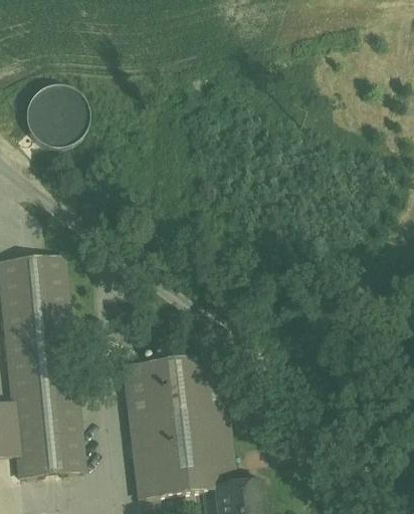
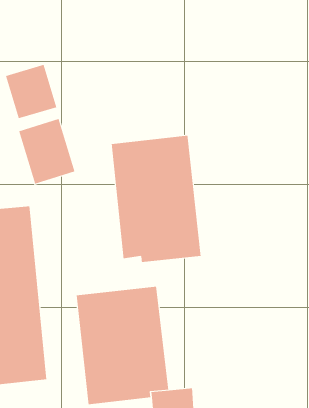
building: none -> [19,118,75,184]
building: none -> [111,135,201,263]

